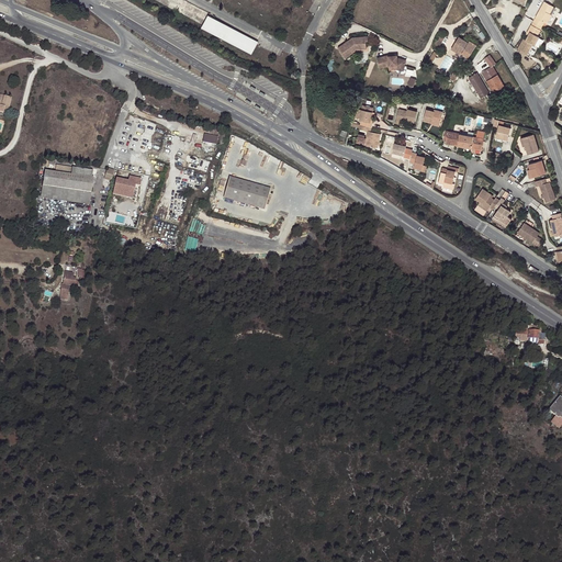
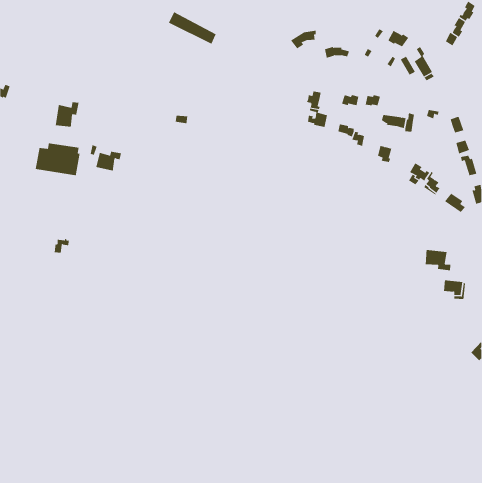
building: none -> [55,101,79,128]
building: [224,176,270,210] -> none
building: none -> [425,249,451,271]

